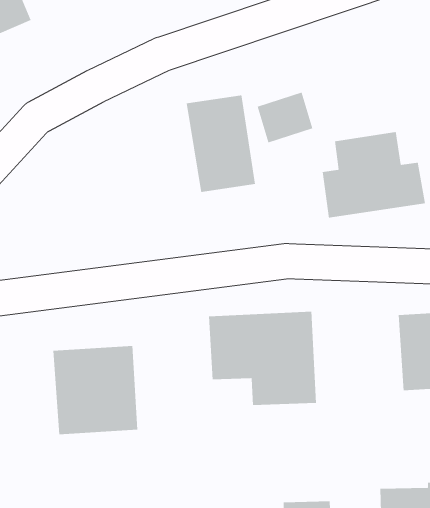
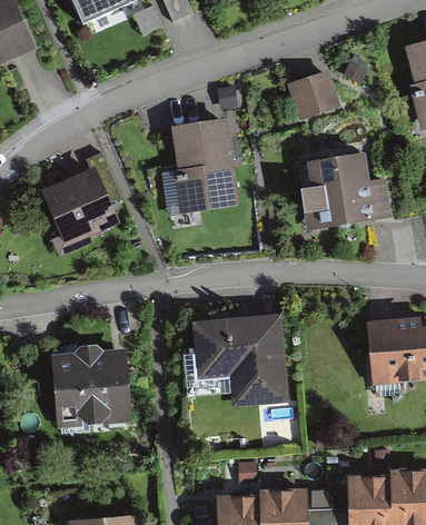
building: [257,92,313,143] -> [289,70,340,117]
building: none -> [36,170,117,247]

